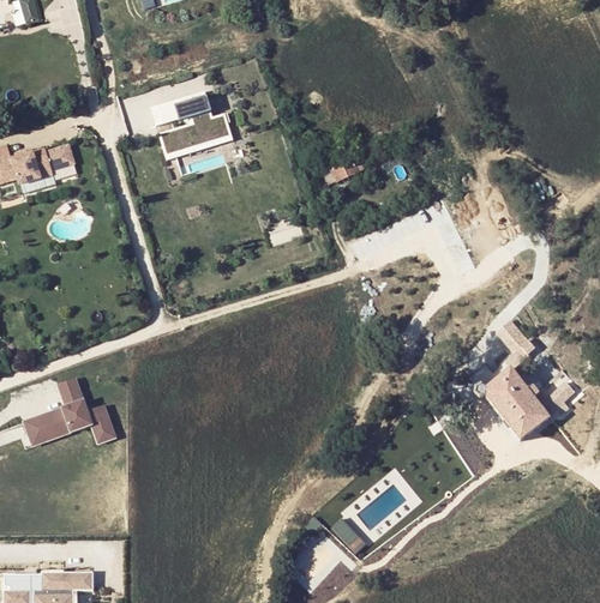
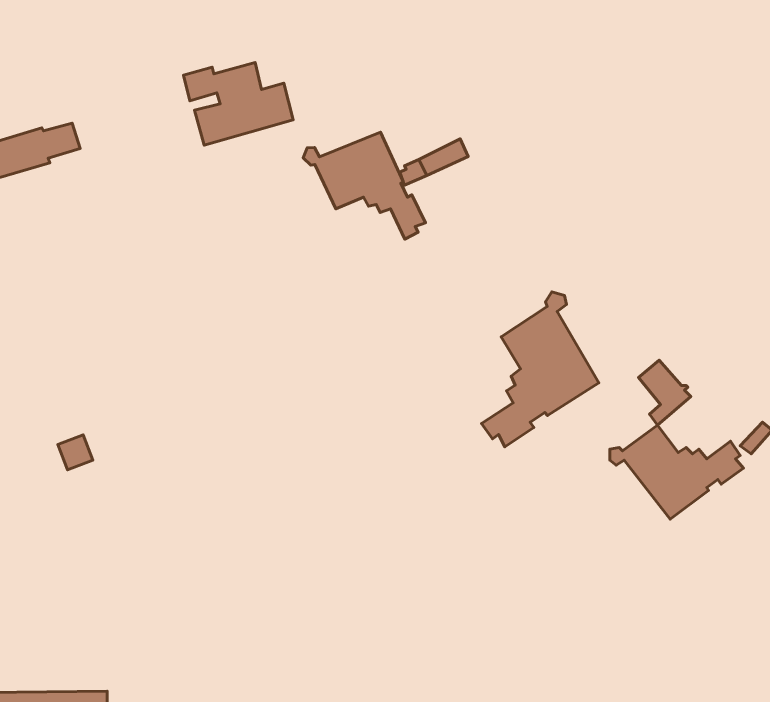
building: none -> [303,132,425,239]
building: none -> [481,292,599,447]
building: [22,402,118,447] -> none

